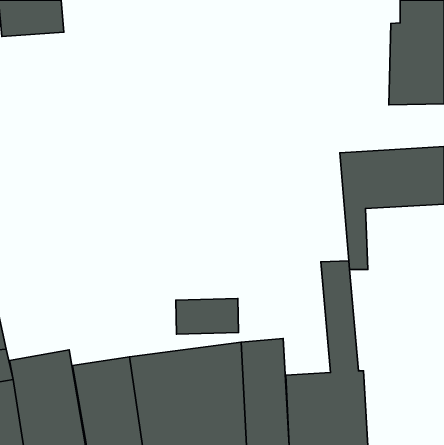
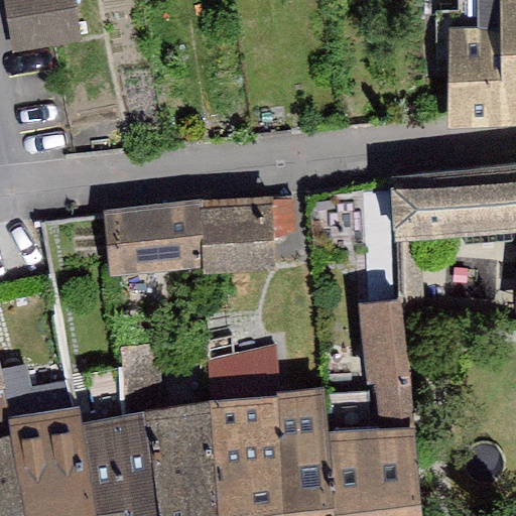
building: none -> [90,199,258,269]

